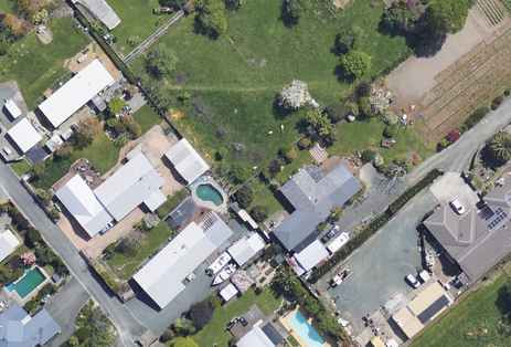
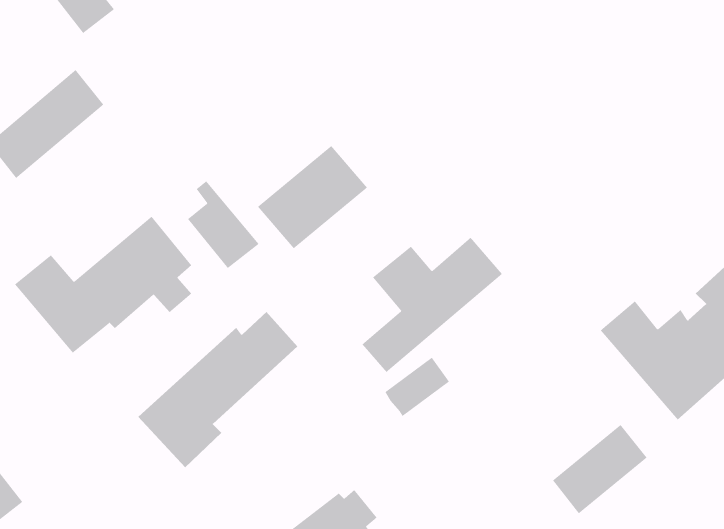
building: none -> [257,145,368,249]
building: [226,230,266,267] -> none

